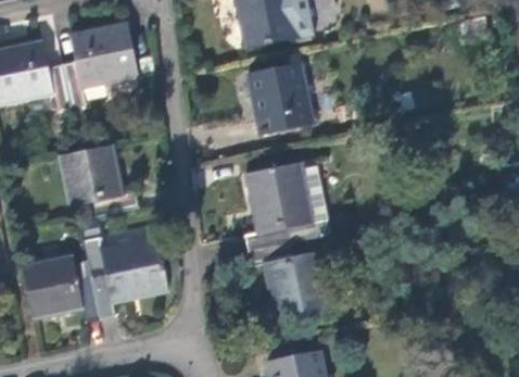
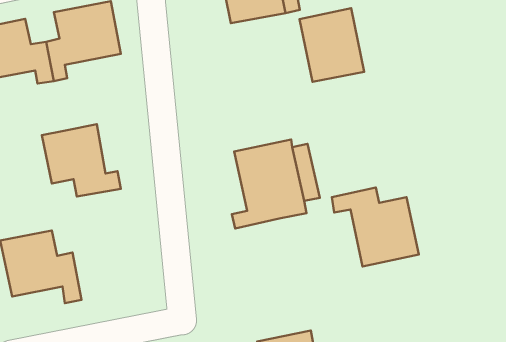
building: [249,61,313,134] -> [299,8,364,82]
building: [88,237,164,321] -> none
building: [249,240,334,318] -> [332,187,419,266]

